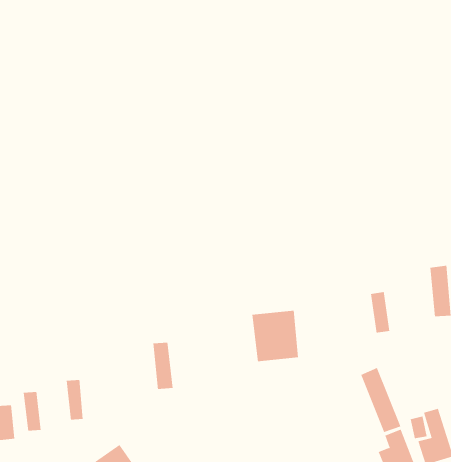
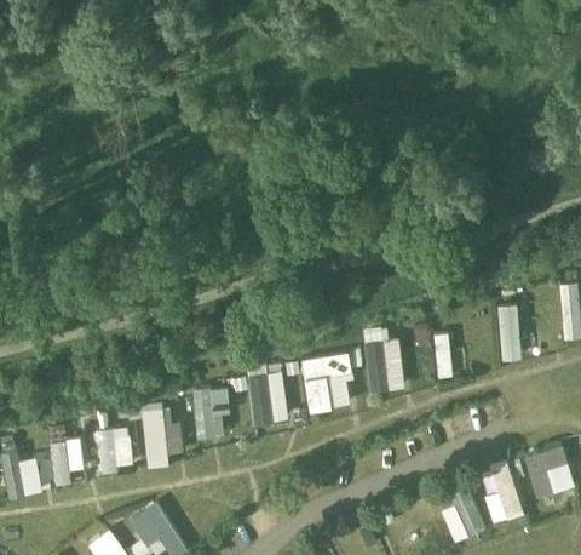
building: none -> [366,341,390,391]
building: none -> [248,373,275,425]
building: none -> [148,405,184,467]
building: [360,367,401,433] -> none

